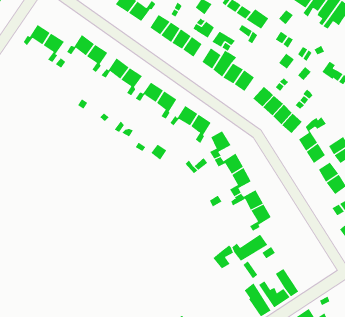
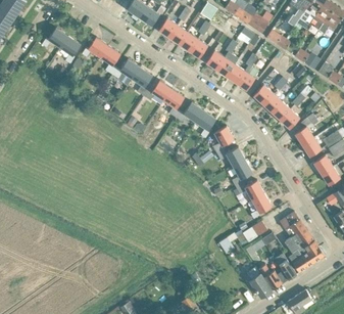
building: none -> [280,212,326,272]

